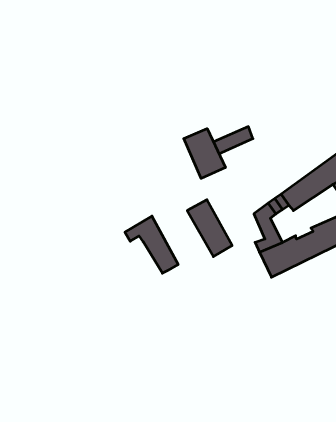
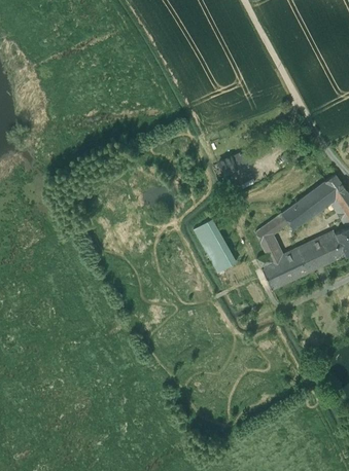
building: [184,129,225,178] -> none
building: [125,216,178,273] -> none

